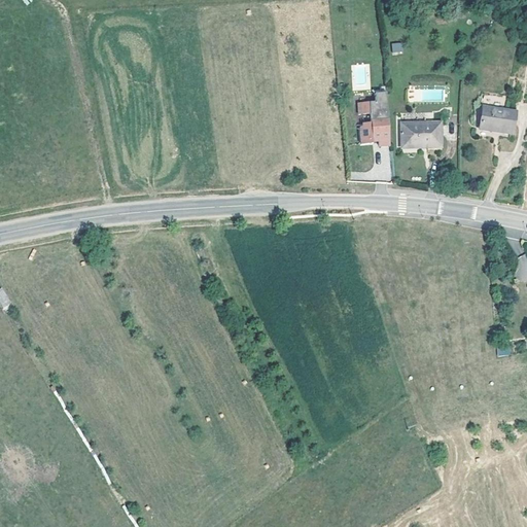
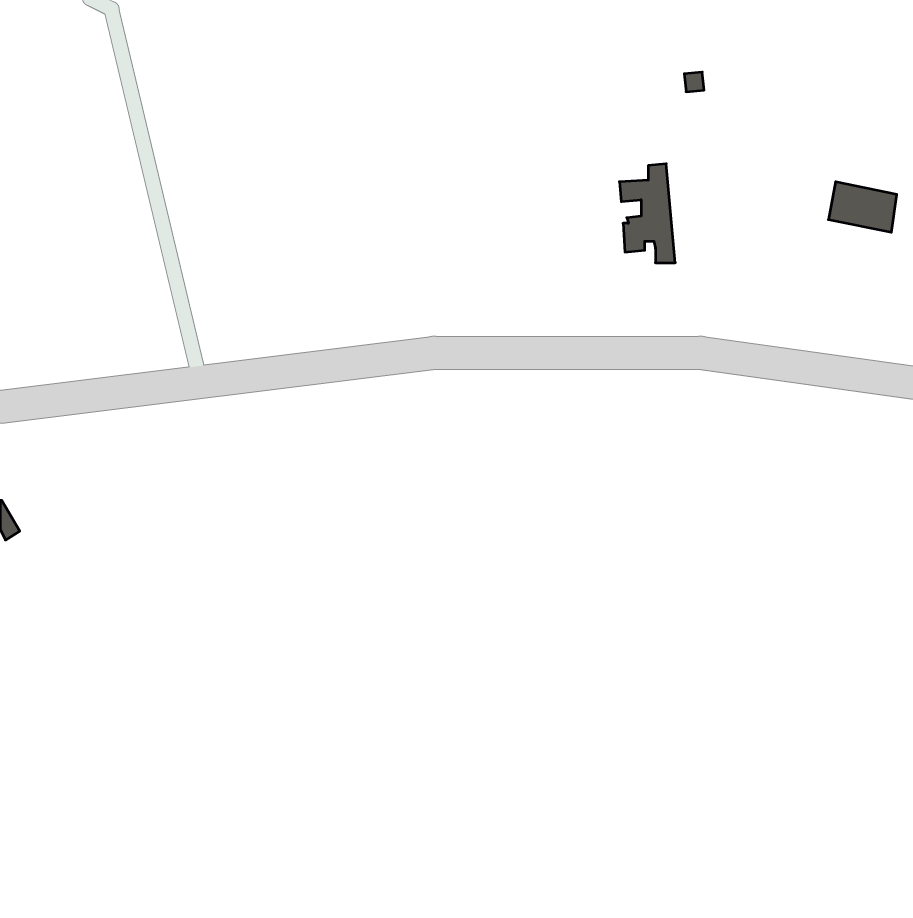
building: [400,121,438,145] -> none

